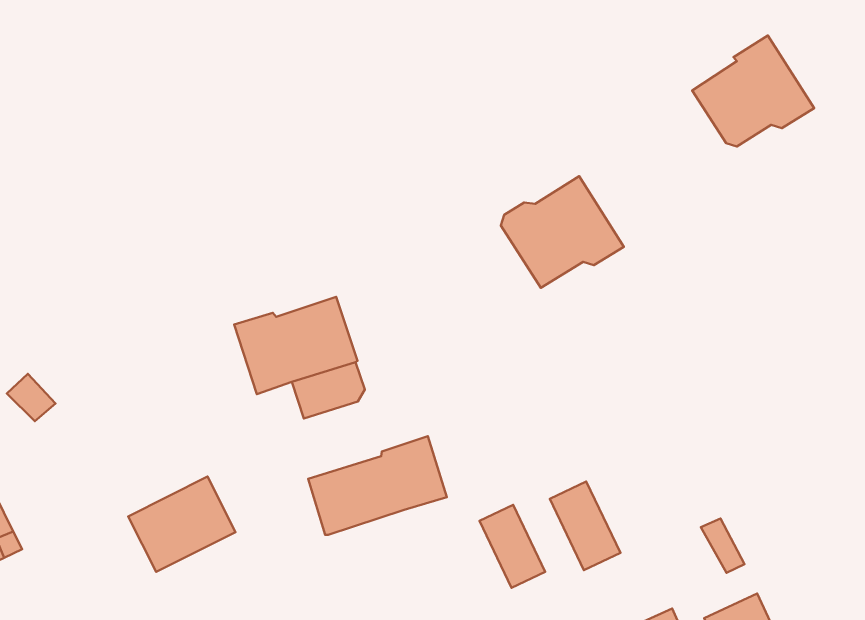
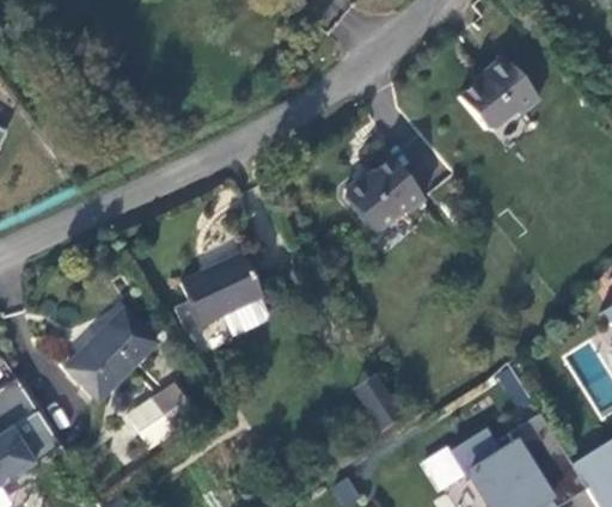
building: none -> [68,309,157,402]
building: [308,436,447,535] -> none
building: [550,481,620,570] -> none

